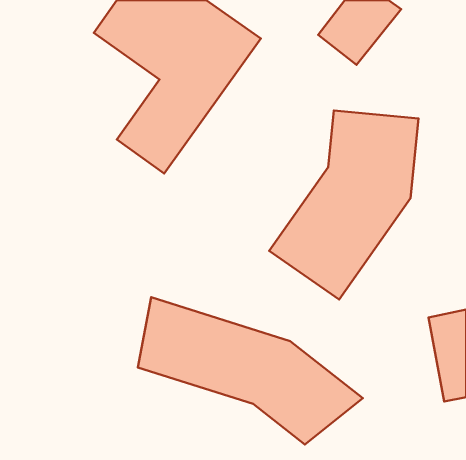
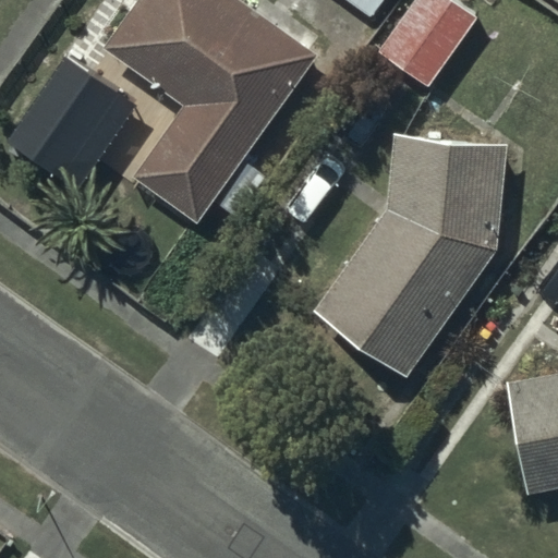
building: none -> [8,60,132,189]
building: [138,297,363,444] -> none

